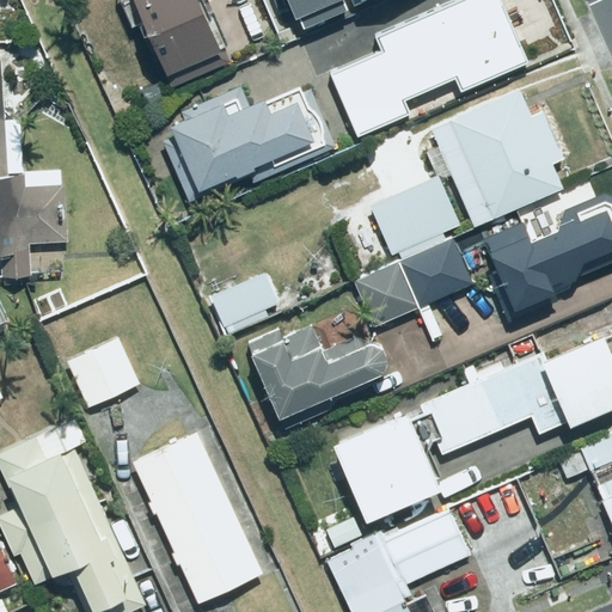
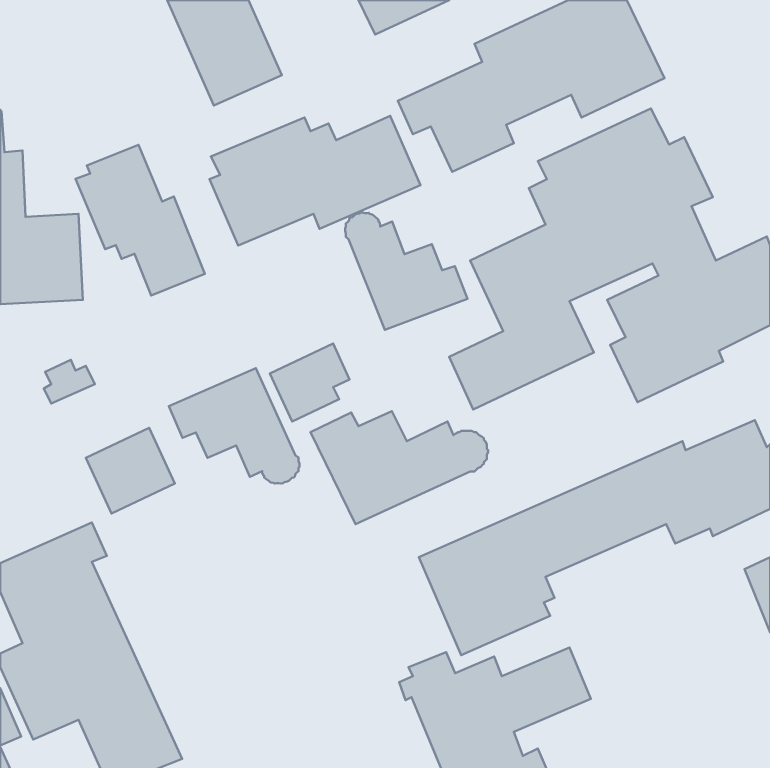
building: none -> [75,145,205,295]
building: none -> [345,213,467,330]
building: none -> [169,368,299,484]
building: [131,424,261,602] -> none

